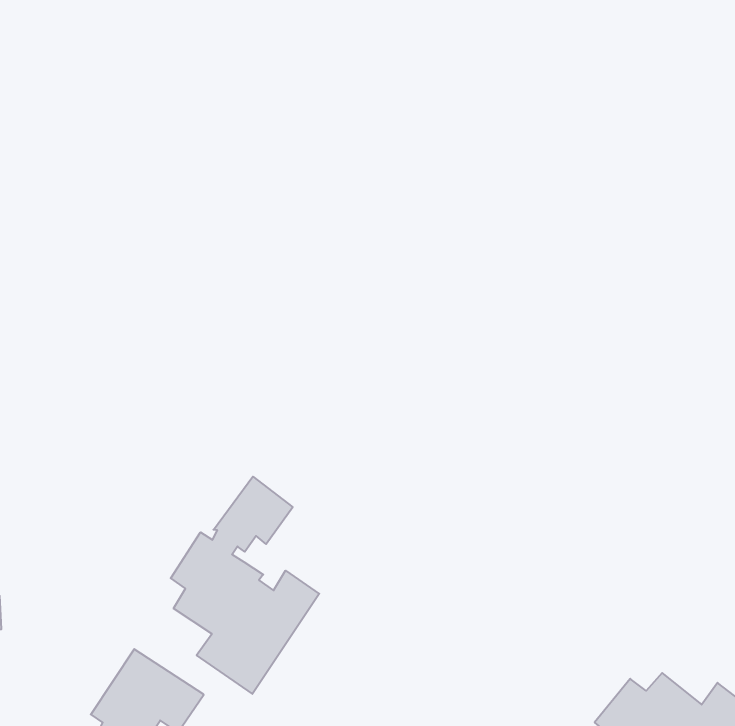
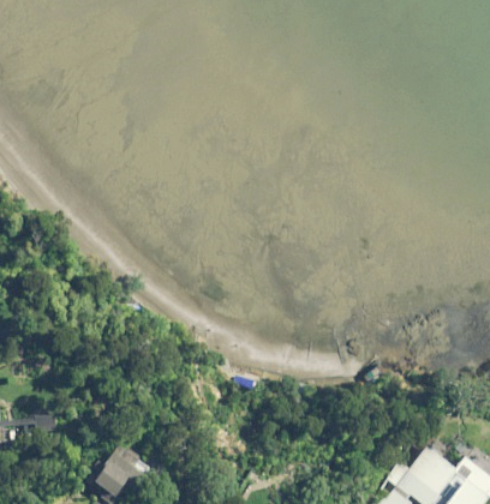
building: [171,477,319,694] -> none

